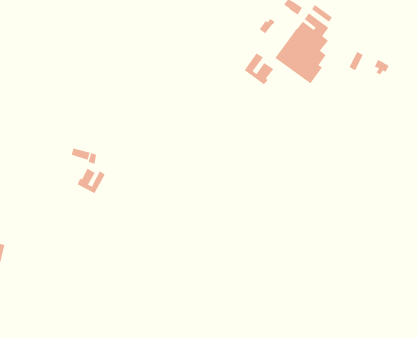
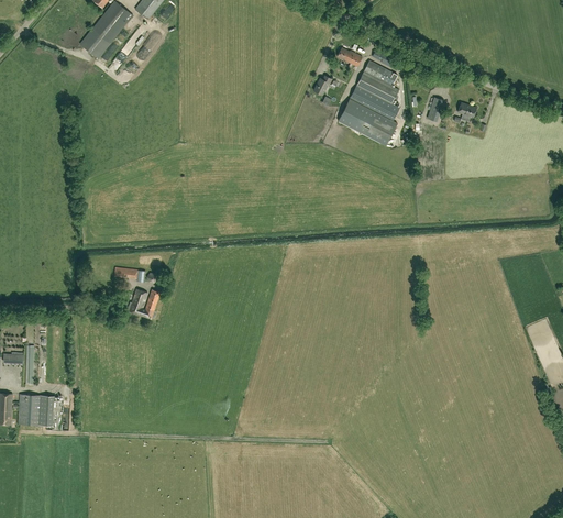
building: [244,53,274,85] -> none

